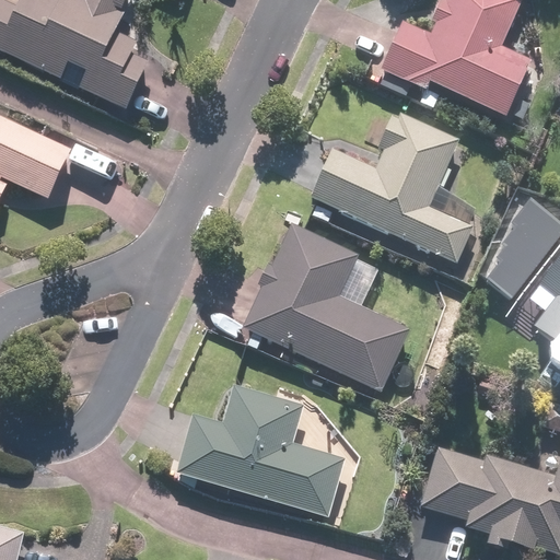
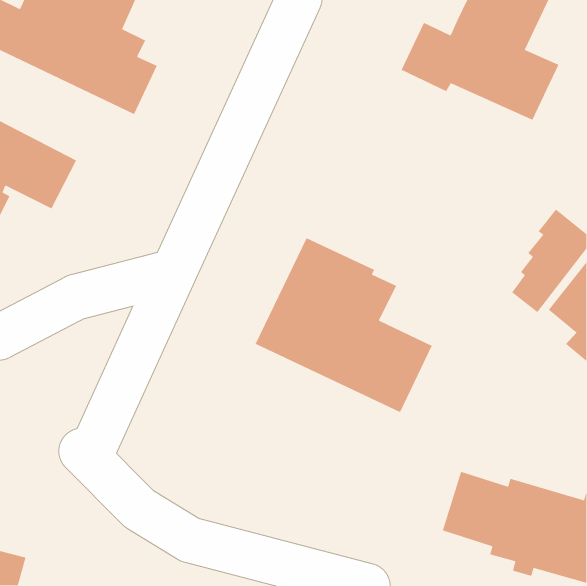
building: [311,115,472,266] -> none
building: [178,385,345,515] -> none

